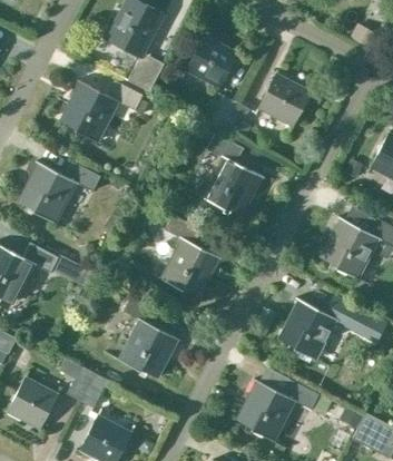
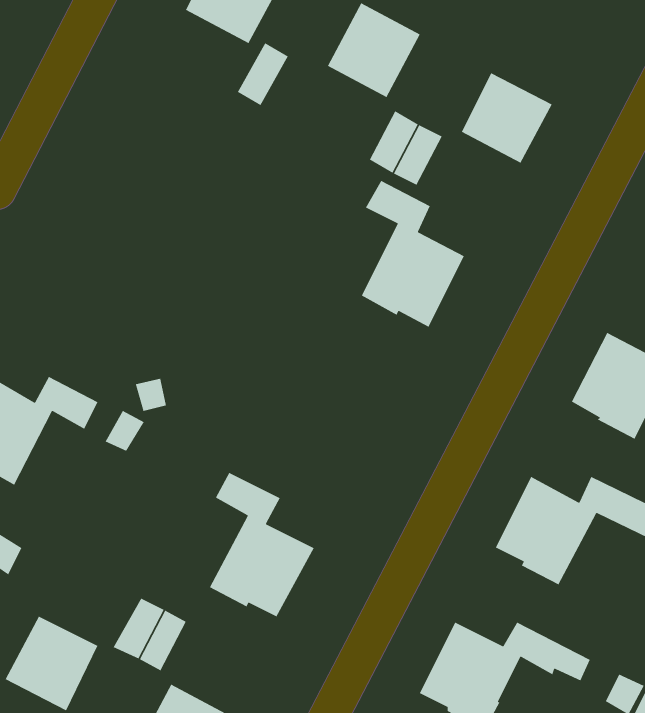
building: [60,80,149,141] -> none
building: [18,161,100,223] -> none
building: [161,215,219,296] -> none

